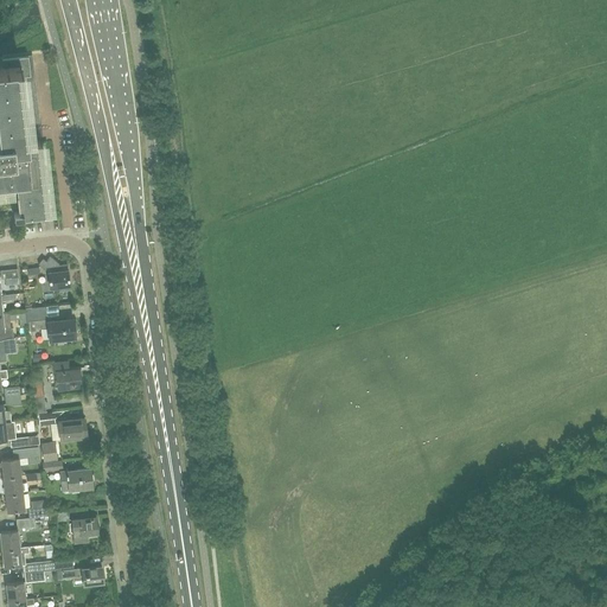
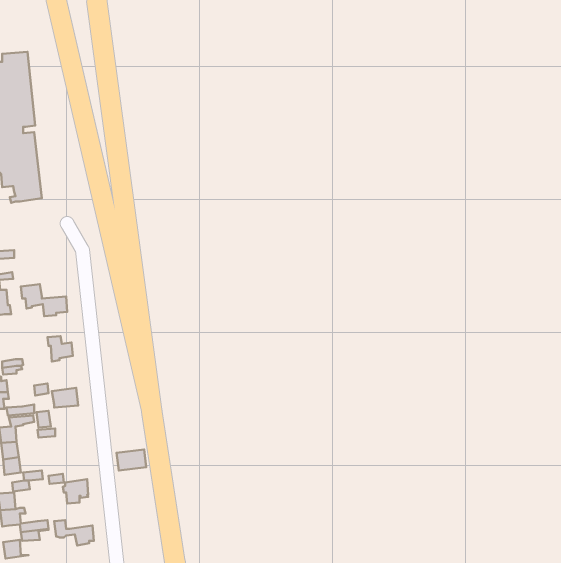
building: [36,256,68,289] -> none
building: [58,468,90,491] -> [116,450,146,471]

